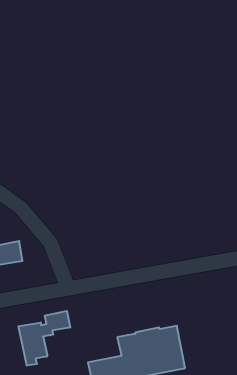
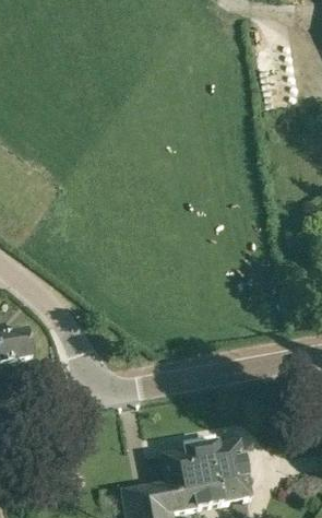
building: [18,311,70,366] -> none

